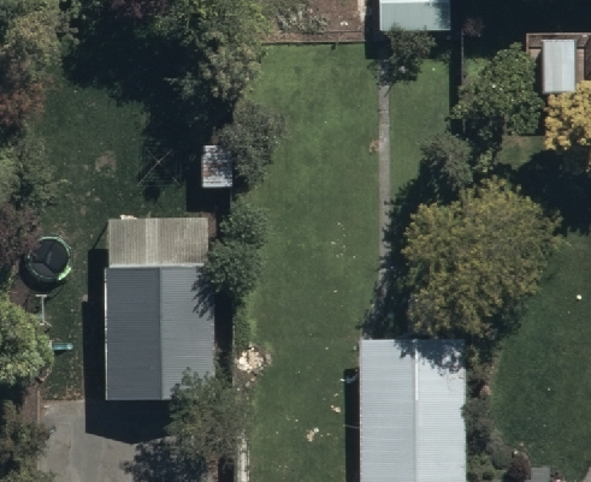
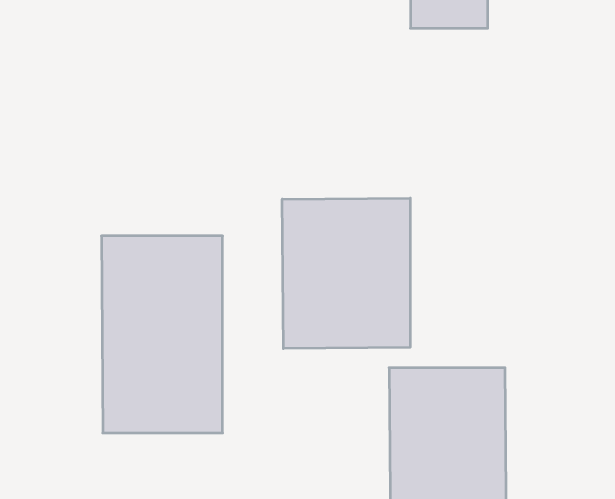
building: none -> [282,198,410,349]

